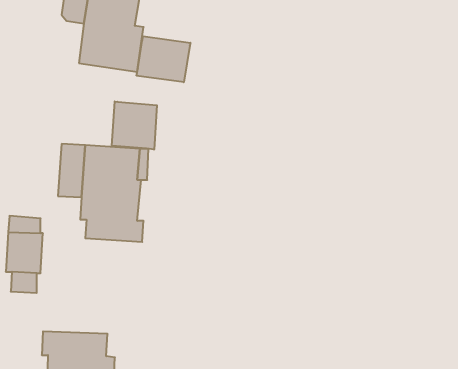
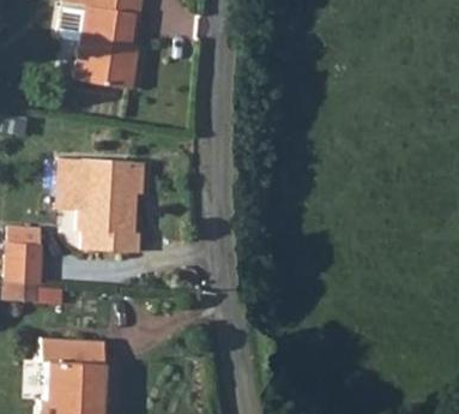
building: [137,36,190,82] -> none
building: [112,101,157,150] -> none

